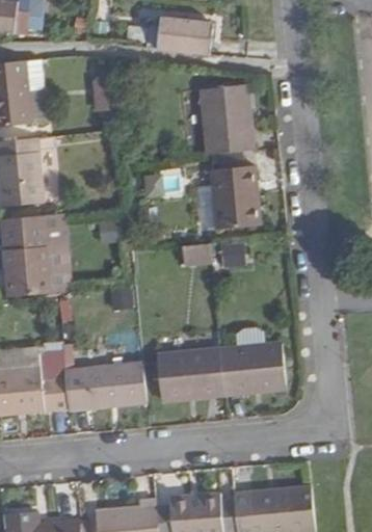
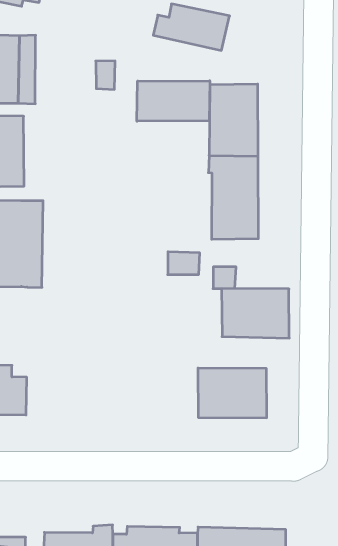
building: none -> [137,81,210,121]
building: [157,348,223,398] -> [221,289,289,338]
building: [62,360,145,407] -> none

